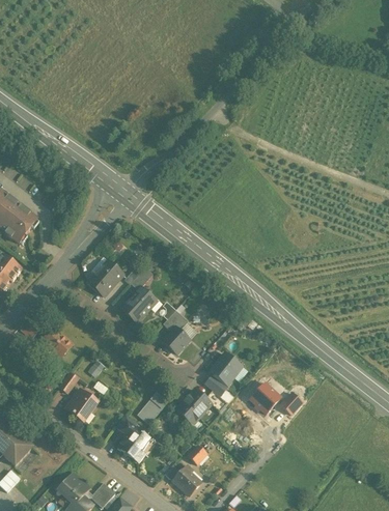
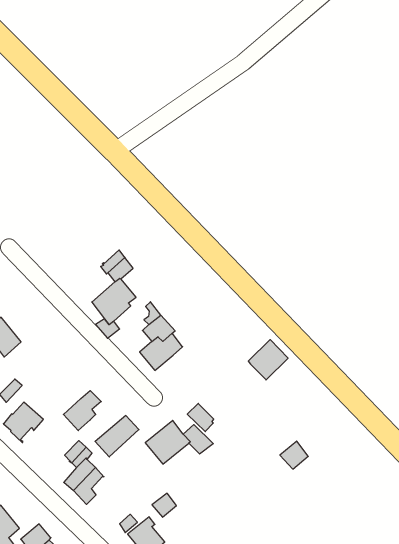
building: [88,259,124,295] -> none
building: [211,352,241,384] -> [248,340,288,380]
building: none -> [63,391,101,431]
building: [250,382,280,413] -> none

